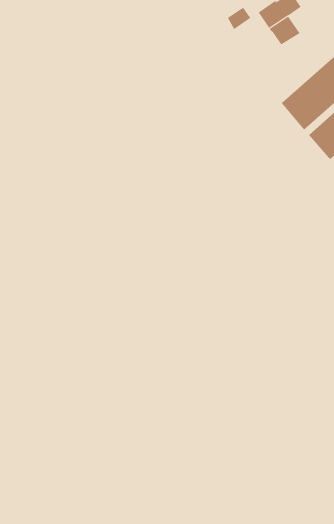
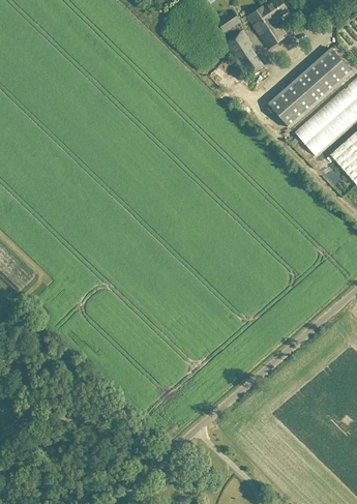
building: none -> [225,30,265,78]

